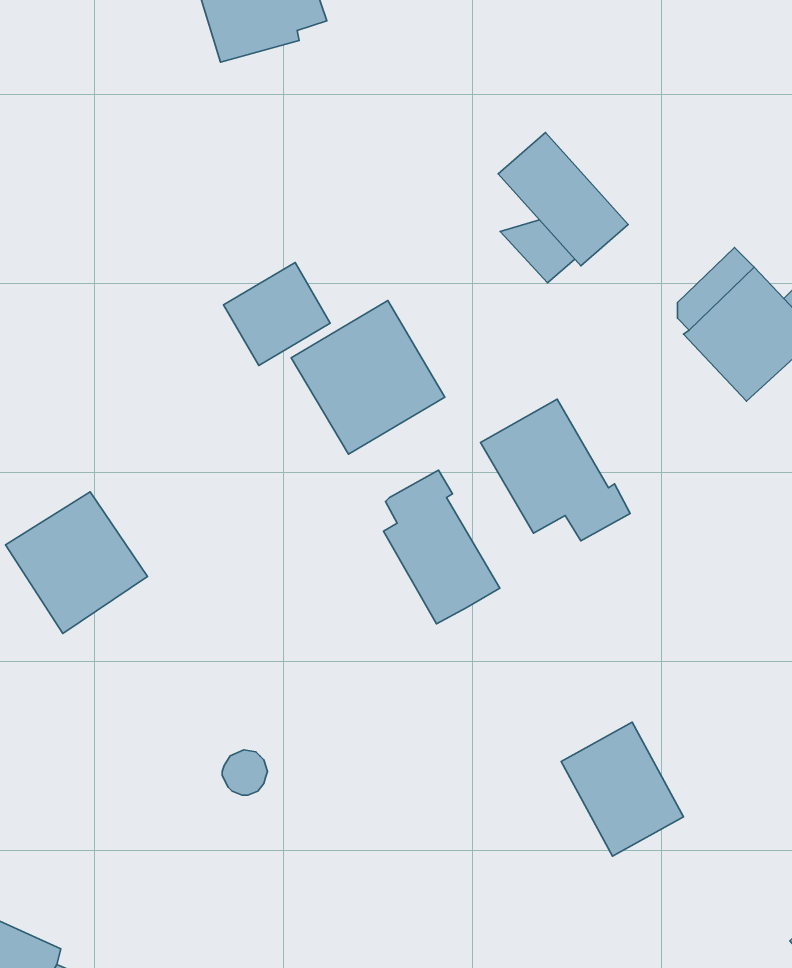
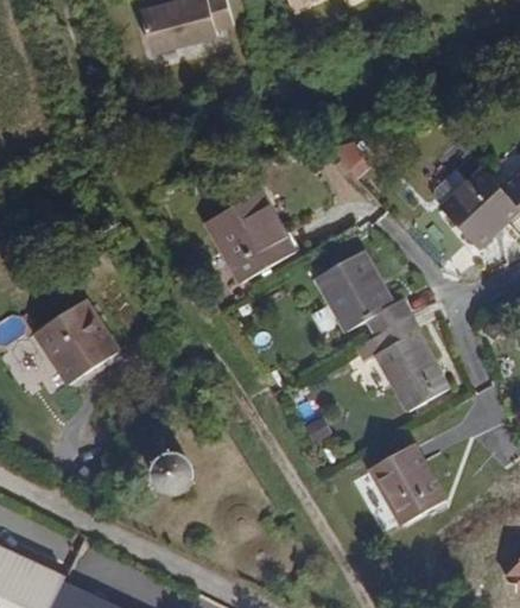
building: [498,133,628,266] -> none
building: [224,263,330,366] -> none
building: [383,470,500,624] -> [375,317,445,410]

